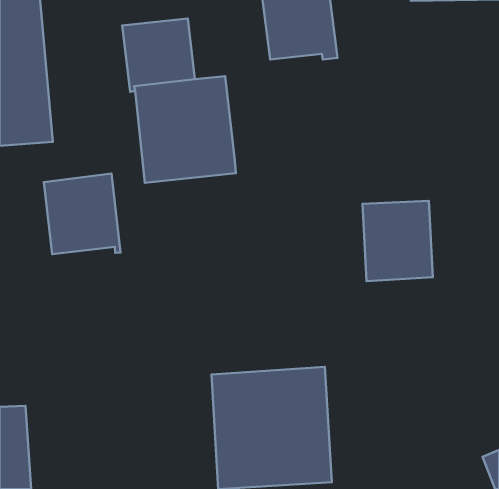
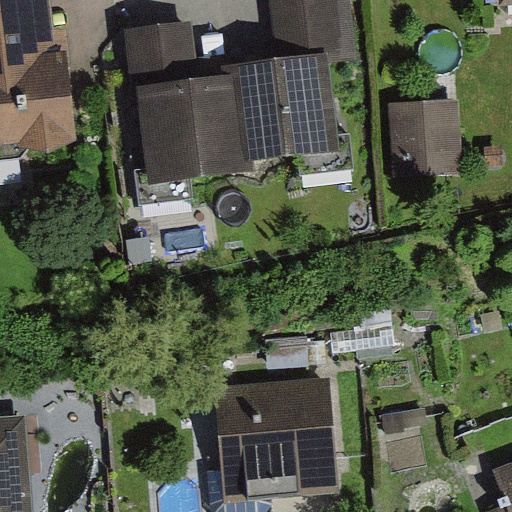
building: none -> [228,55,340,164]
building: [44,174,120,254] -> none
building: [362,201,433,281] -> [394,89,466,171]

